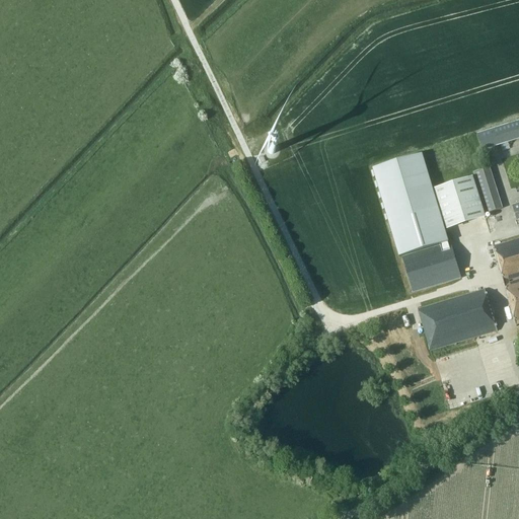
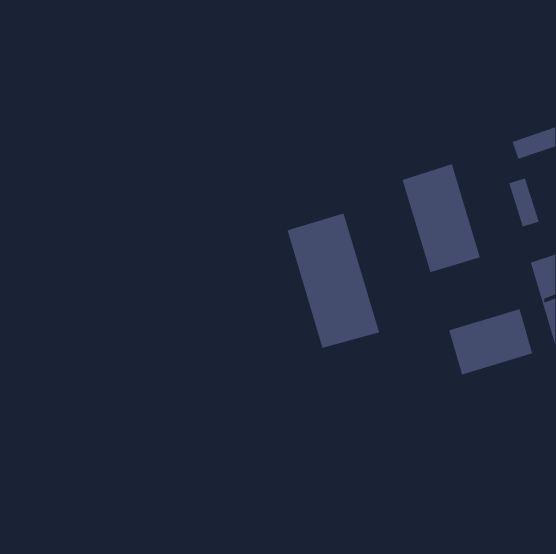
building: [434,175,487,228] -> none
building: none -> [287,213,380,349]
building: [401,241,461,291] -> none

